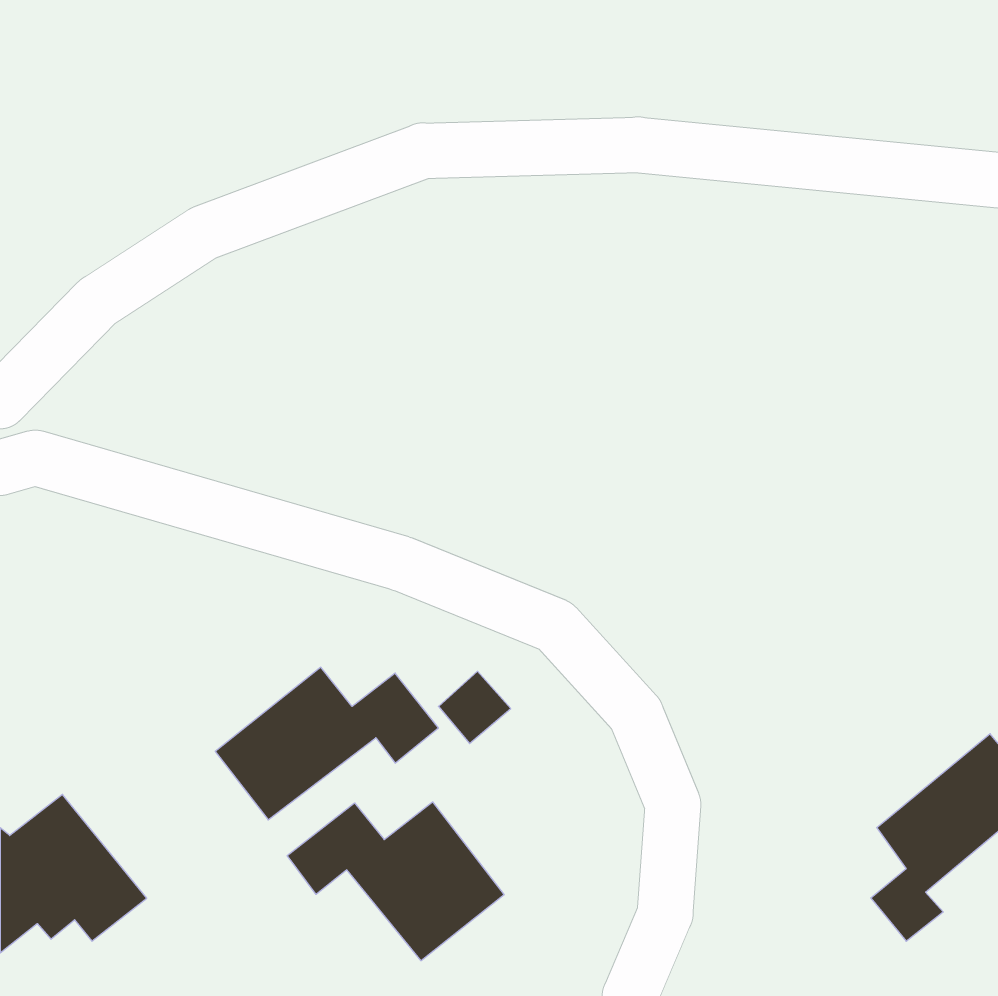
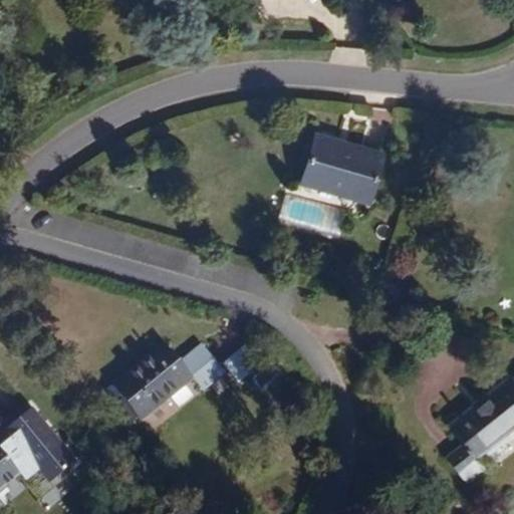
building: none -> [301,135,380,203]
building: [287,802,504,961] -> none

